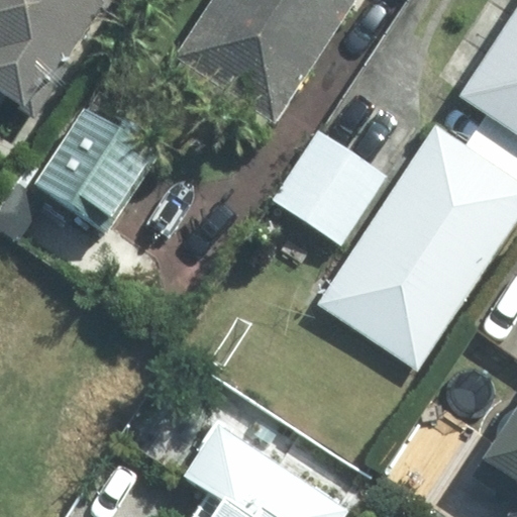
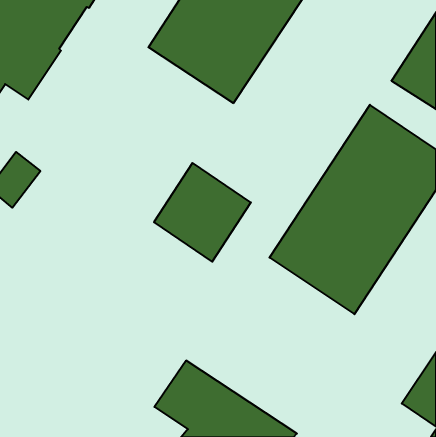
building: [36,109,160,232] -> none
building: [273,129,387,245] -> [154,163,251,262]

